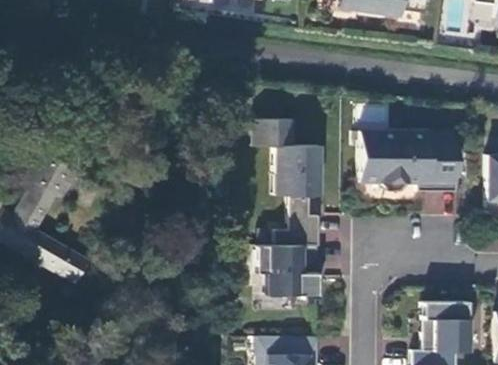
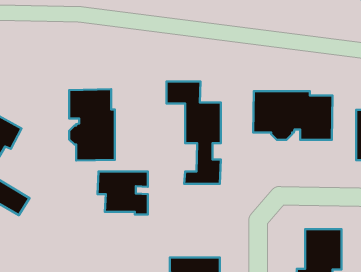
building: none -> [69,89,115,160]
building: [257,246,319,299] -> [98,171,148,214]

